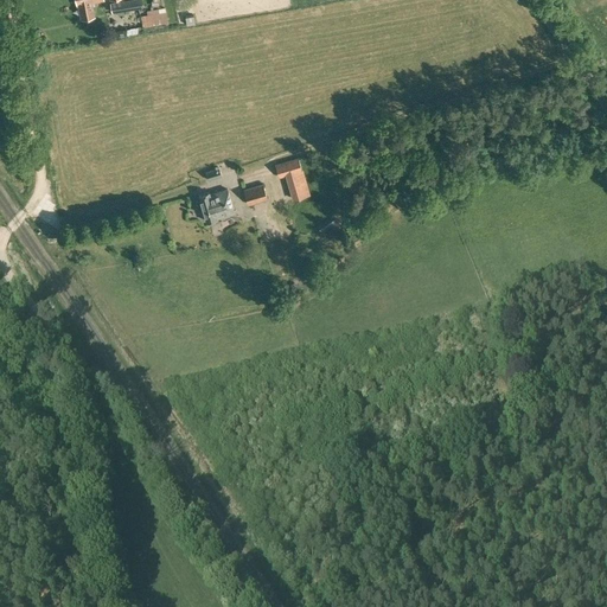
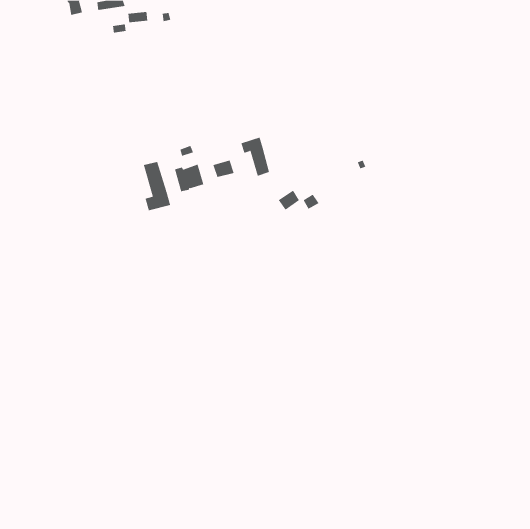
building: none -> [143,161,171,211]

